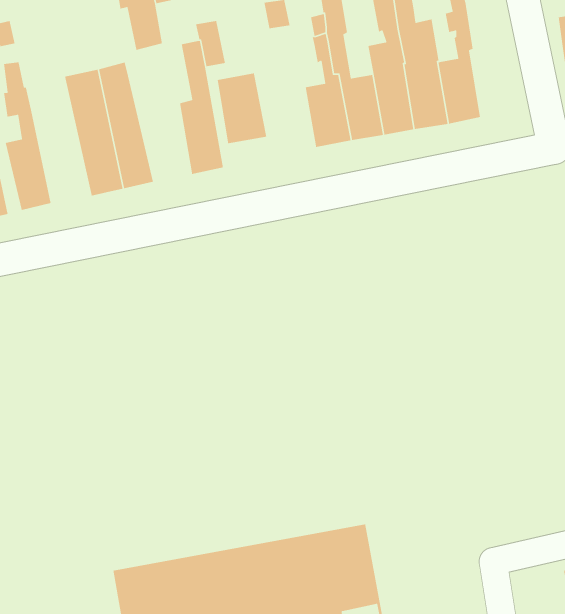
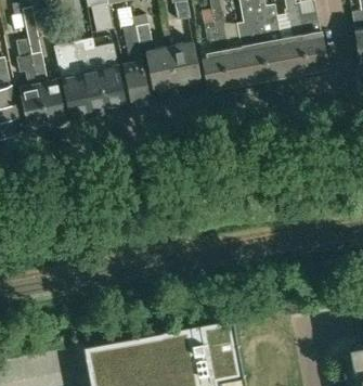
building: none -> [22,8,65,126]
building: none -> [297,11,327,74]
building: none -> [168,42,199,86]
building: none -> [92,44,127,113]

